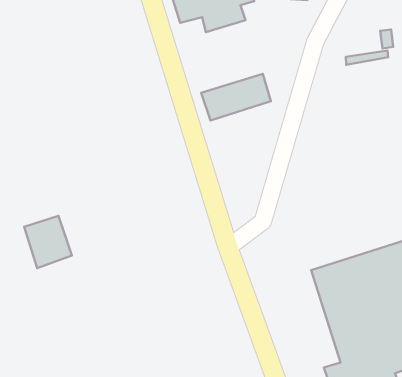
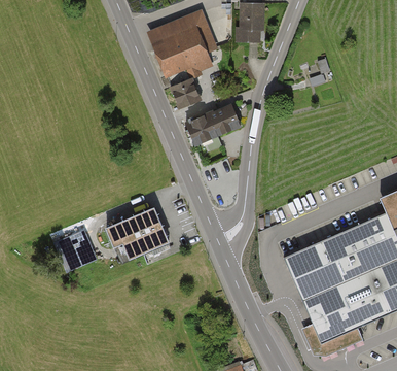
building: none -> [169,77,201,108]
building: none -> [108,207,173,266]

